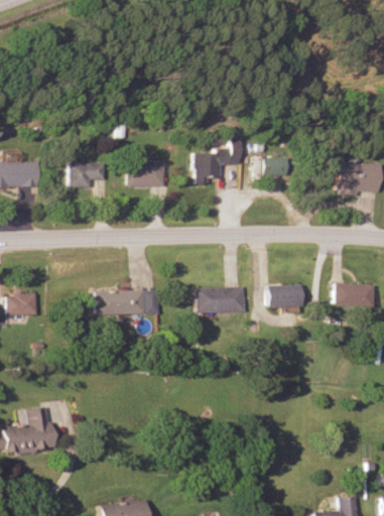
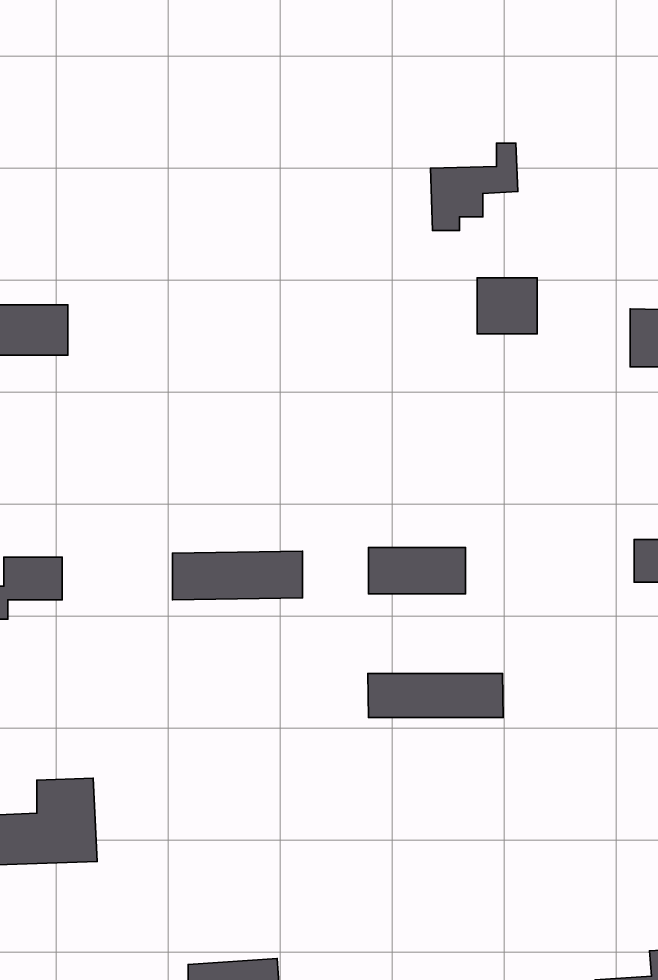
building: [193,139,238,184] -> [431,143,518,230]
building: [67,158,104,188] -> none
building: [131,162,164,186] -> none
building: [267,285,303,306] -> none
building: none -> [368,674,503,718]

